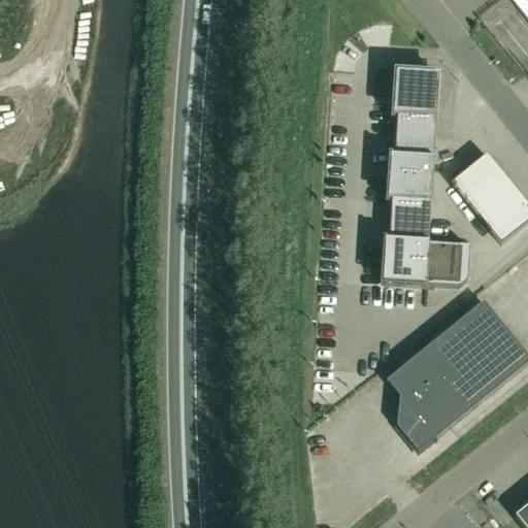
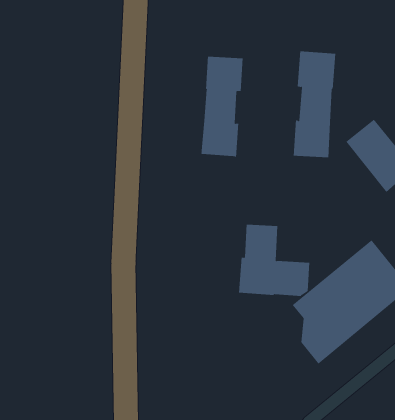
building: none -> [201,56,243,157]
building: [383,197,470,285] -> [238,224,310,296]

